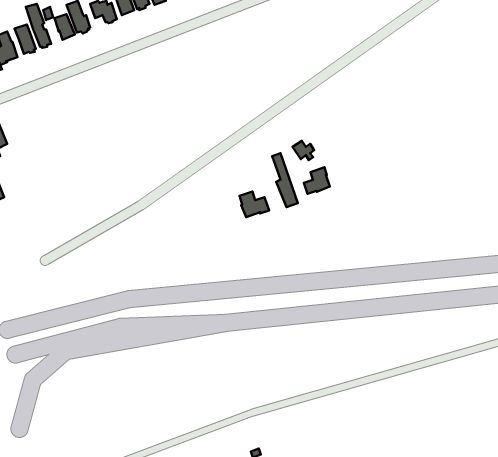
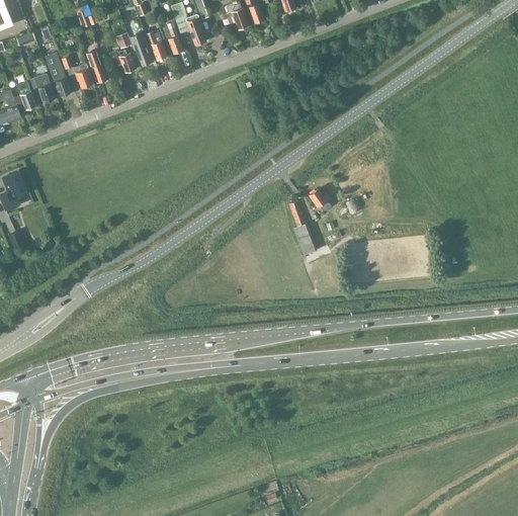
building: [304,167,330,194] -> none
building: [240,192,269,217] -> none

